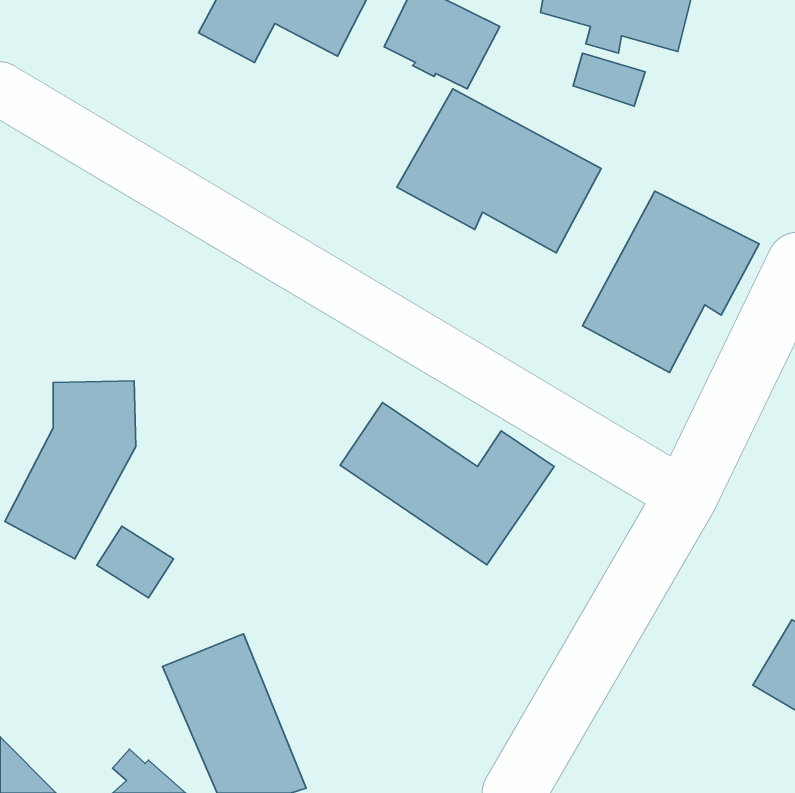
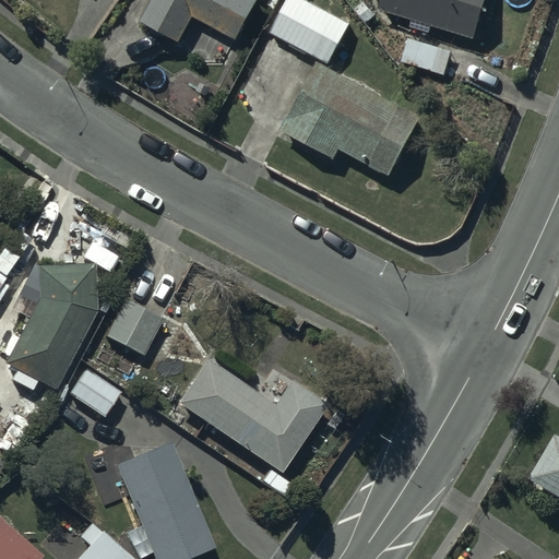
building: [583,191,759,373] -> none
building: [340,403,554,565] -> [177,360,326,474]
building: none -> [106,299,163,355]

